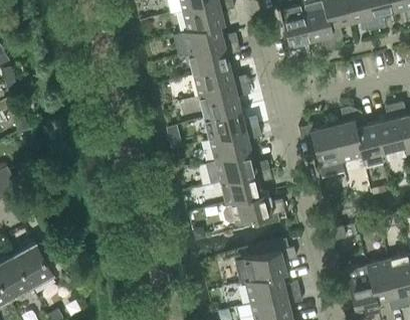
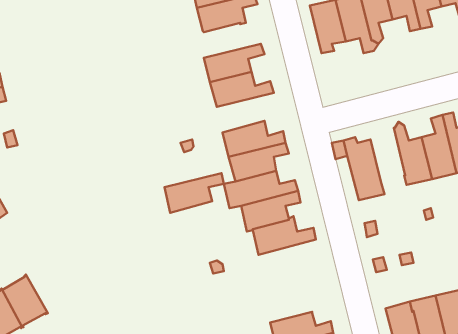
building: [174,24,237,56] -> none
building: [199,85,250,119] -> [164,173,224,213]
building: [332,107,362,161] -> none
building: [234,247,296,284] -> none

